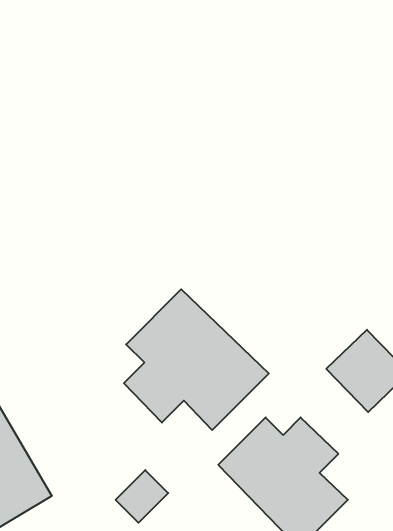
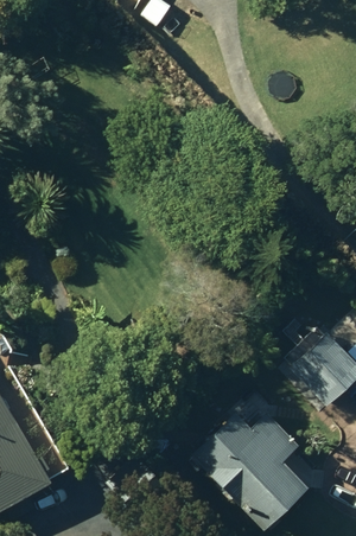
building: [124,289,269,430] -> none

